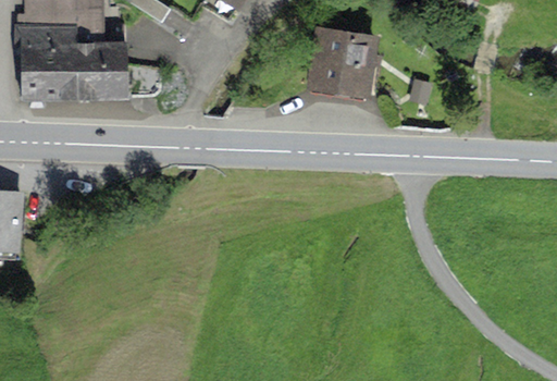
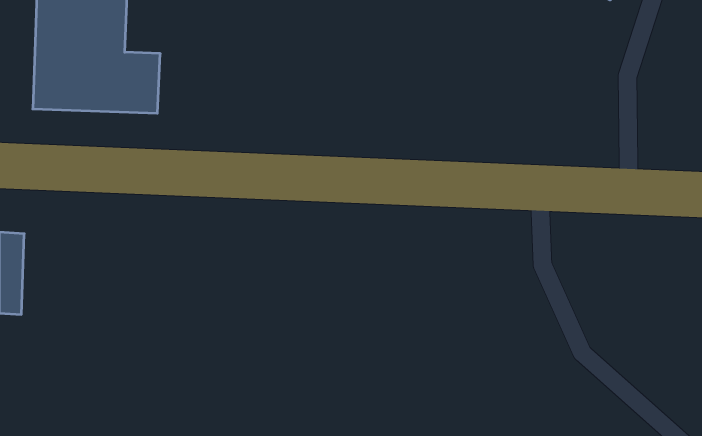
building: [315,39,376,96] -> none

